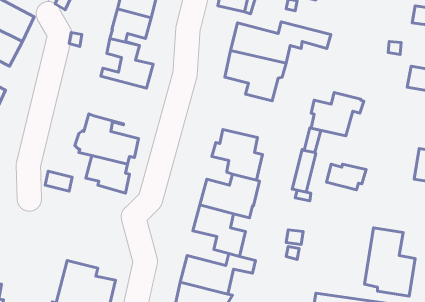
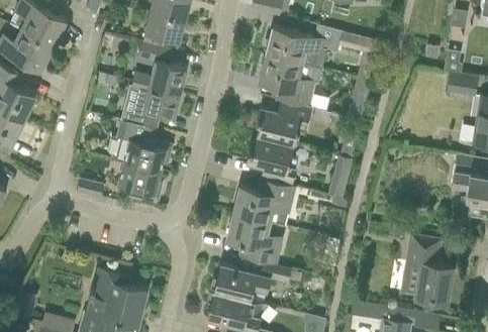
building: none -> [115,78,179,130]
building: [311,92,364,136] -> [257,100,310,144]
building: [327,164,366,190] -> none

